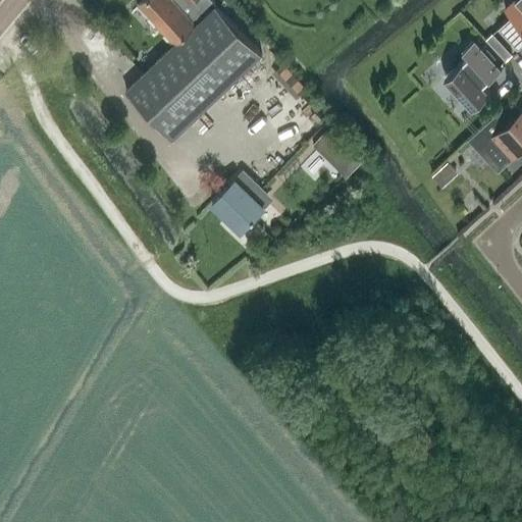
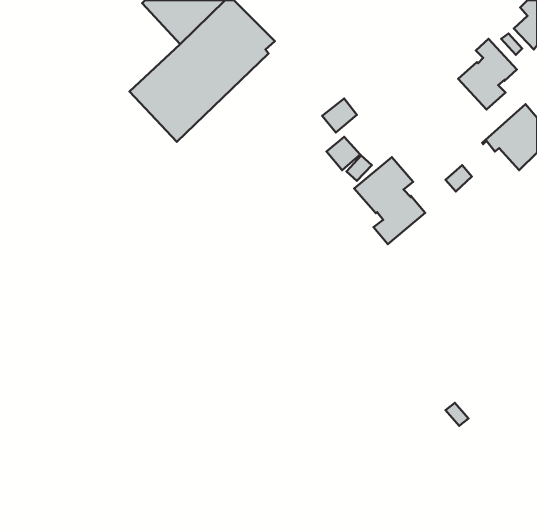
building: none -> [322,98,357,132]
building: none -> [354,157,425,244]
building: [212,174,266,233] -> none

